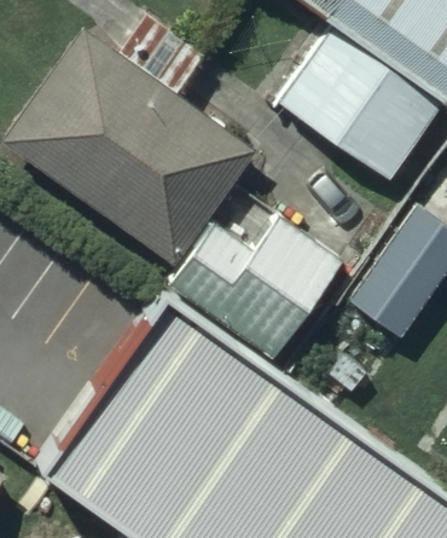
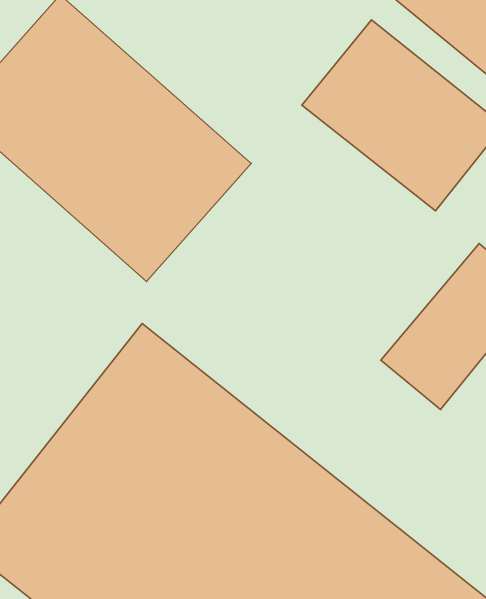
building: [178,226,330,351] -> none

